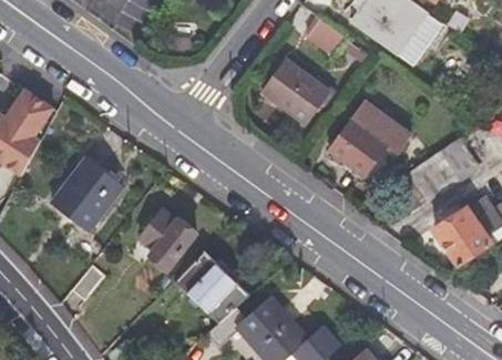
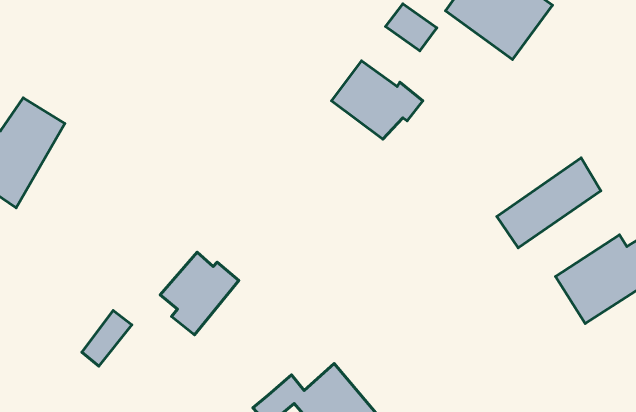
building: [330,106,411,178] -> none
building: [52,161,119,228] -> none
building: [173,248,246,320] -> none

